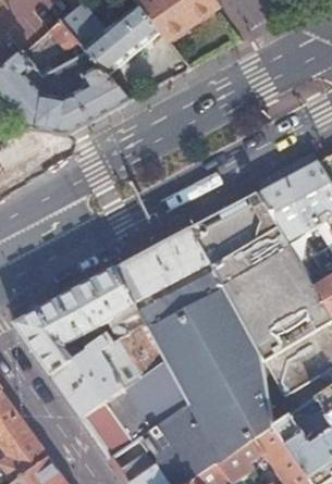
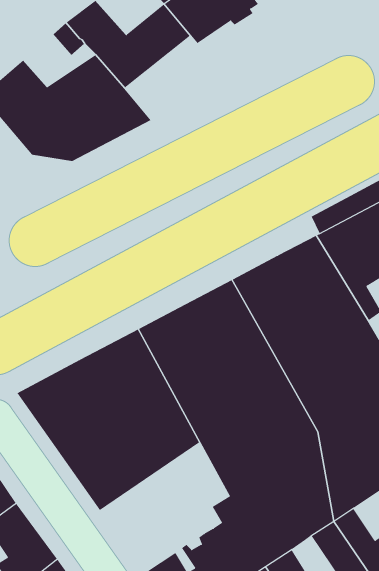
building: [82,361,187,456] -> none

